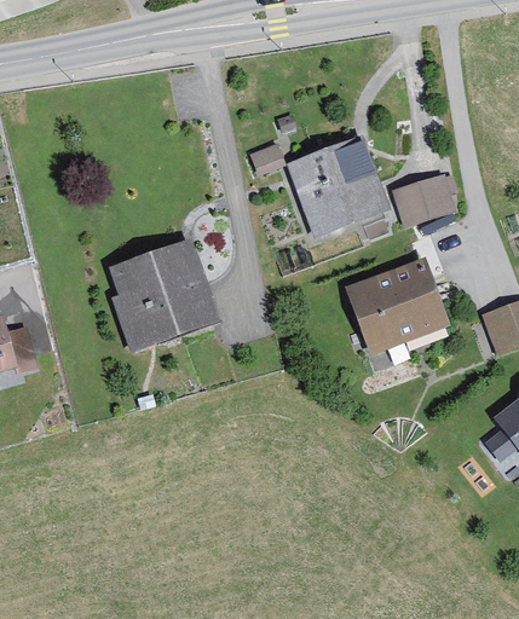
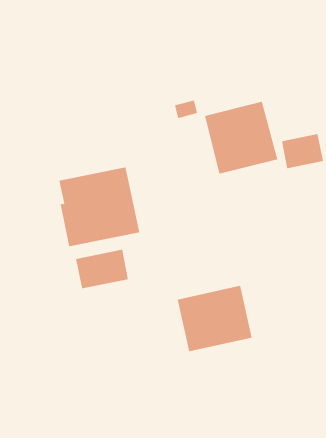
building: [346,260,449,353] -> [177,285,253,352]
building: none -> [76,249,129,289]

